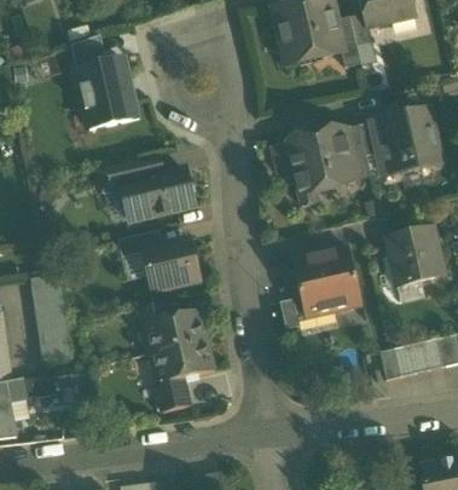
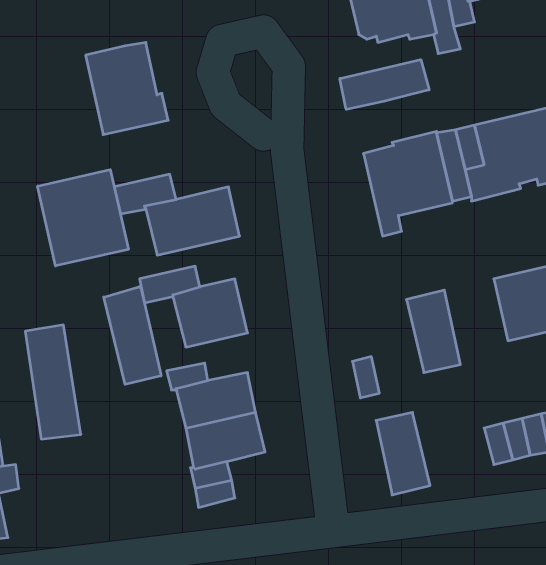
building: [70,34,106,68] -> none
building: none -> [340,60,429,109]
building: none -> [38,170,128,266]
building: none -> [104,287,161,384]
building: [292,254,334,317] -> [376,412,430,495]

